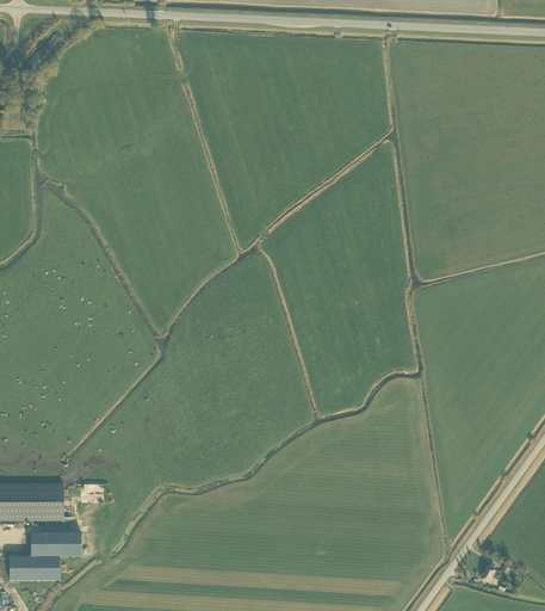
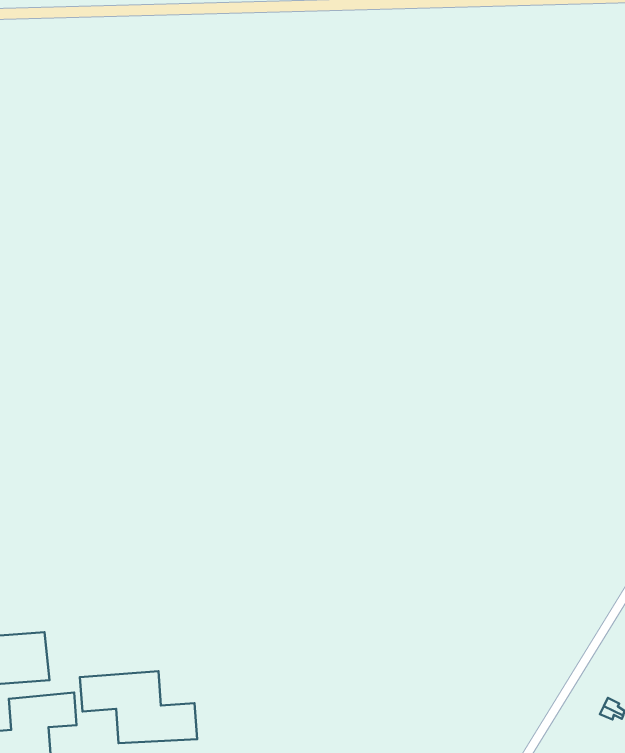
building: none -> [80,671,197,743]

